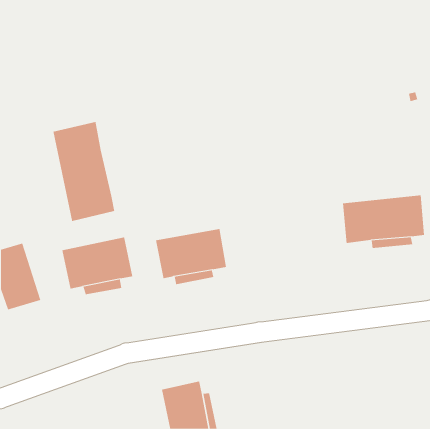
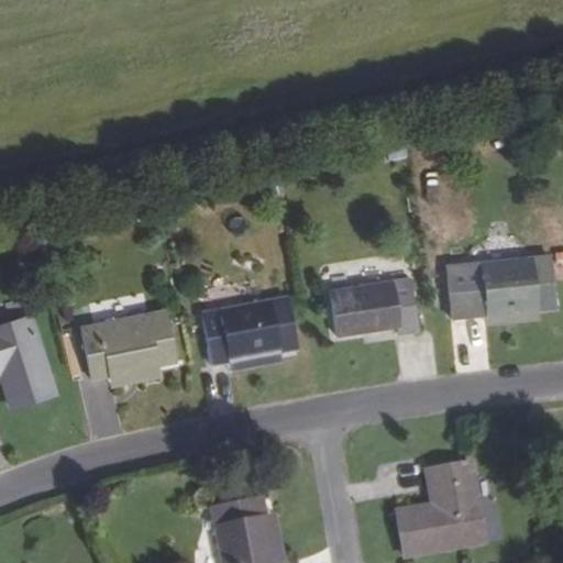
building: [53,121,115,222] -> none
building: none -> [330,277,417,334]
building: none -> [397,463,484,555]

